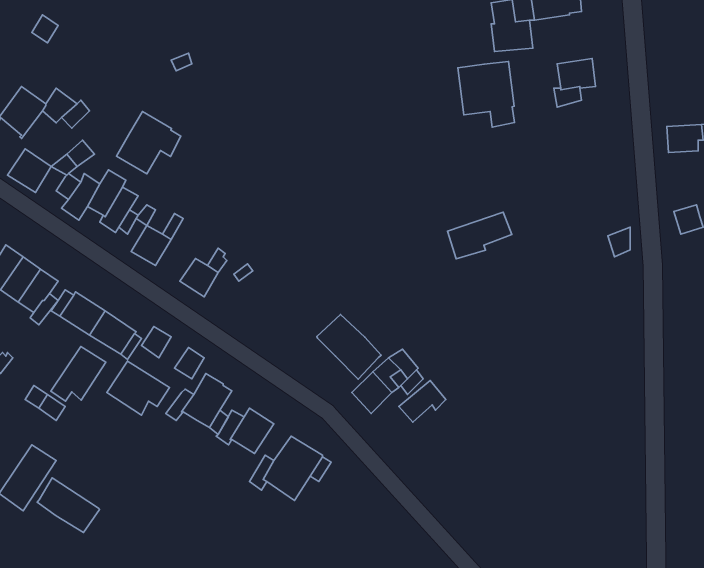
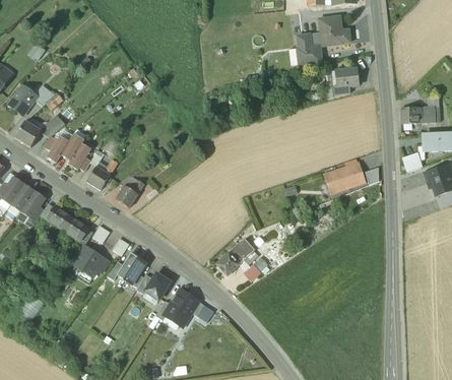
building: [458,61,514,127] -> none
building: [116,111,181,174] -> none
building: [447,212,512,259] -> [325,164,363,191]
building: [317,314,381,379] -> none
building: [51,346,106,401] -> none
building: [37,478,99,532] -> none

